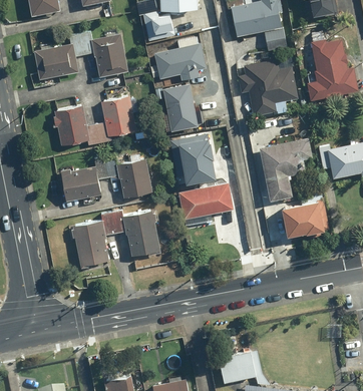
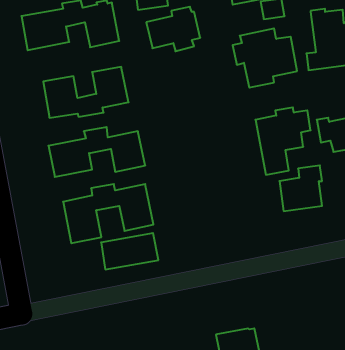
building: [163,87,198,134] -> none
building: [171,136,216,186] -> none
building: [178,183,234,219] -> [101,233,158,269]

